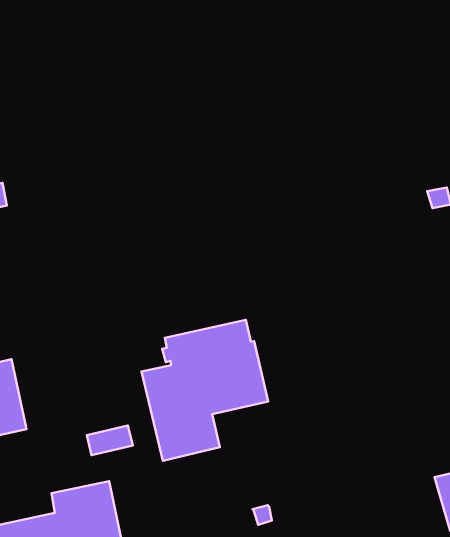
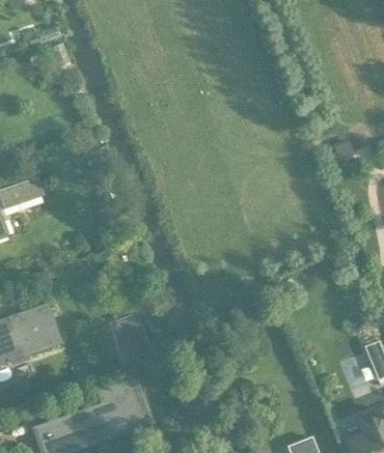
building: [141,320,268,461] -> none

